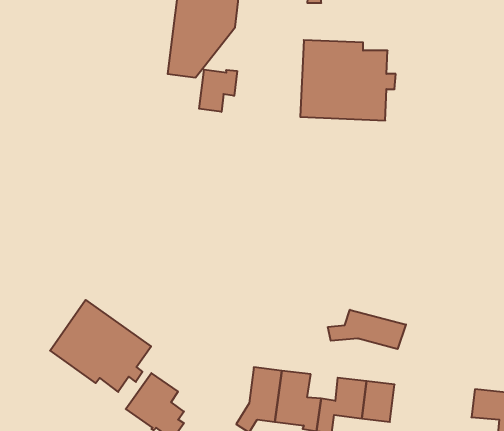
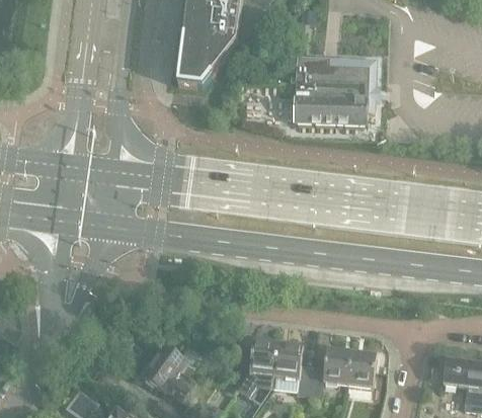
building: [199,70,237,112] -> none
building: [50,300,151,392] -> none
building: [328,310,406,349] -> none

